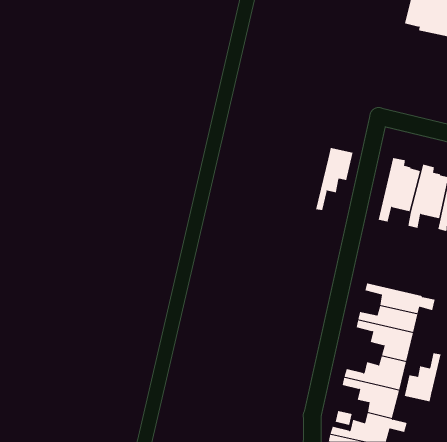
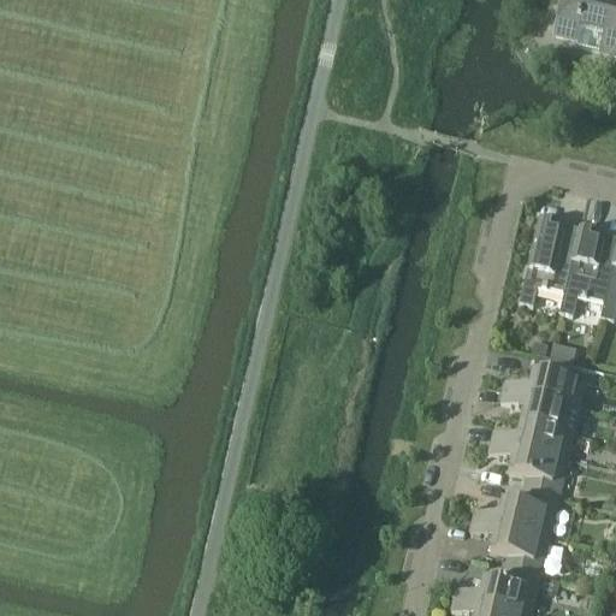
building: [315,147,353,211] -> none
building: none -> [504,354,587,407]
building: [404,353,441,402] -> none

